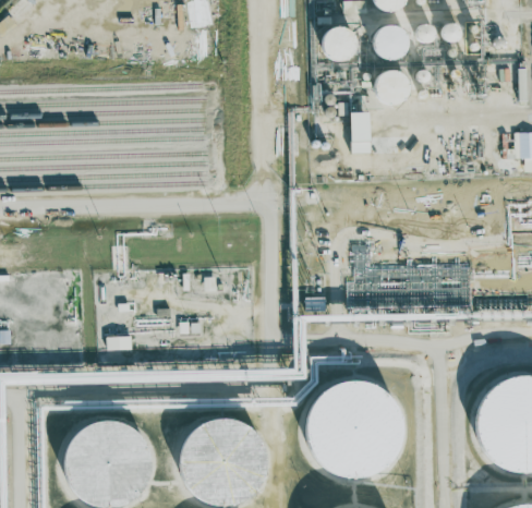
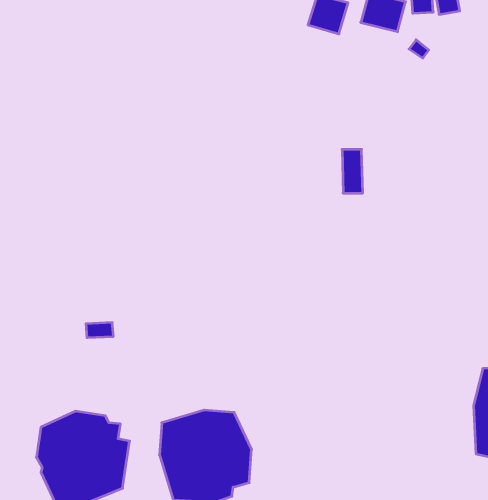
building: [375,71,413,102] -> none
building: [352,111,372,153] -> [342,149,363,193]
building: [303,378,402,477] -> none

